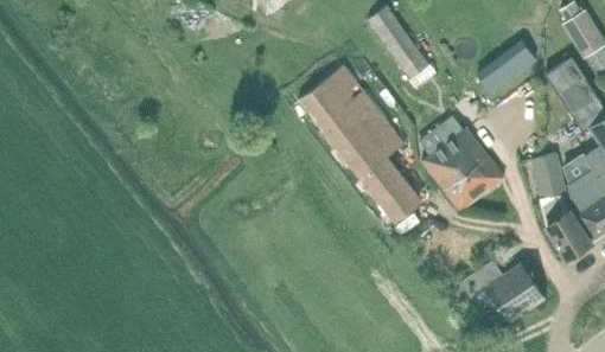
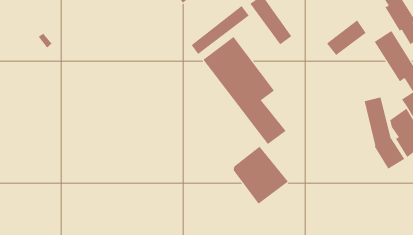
building: none -> [191,5,249,55]
building: [424,126,504,210] -> [233,146,289,204]
building: [460,260,544,320] -> none

